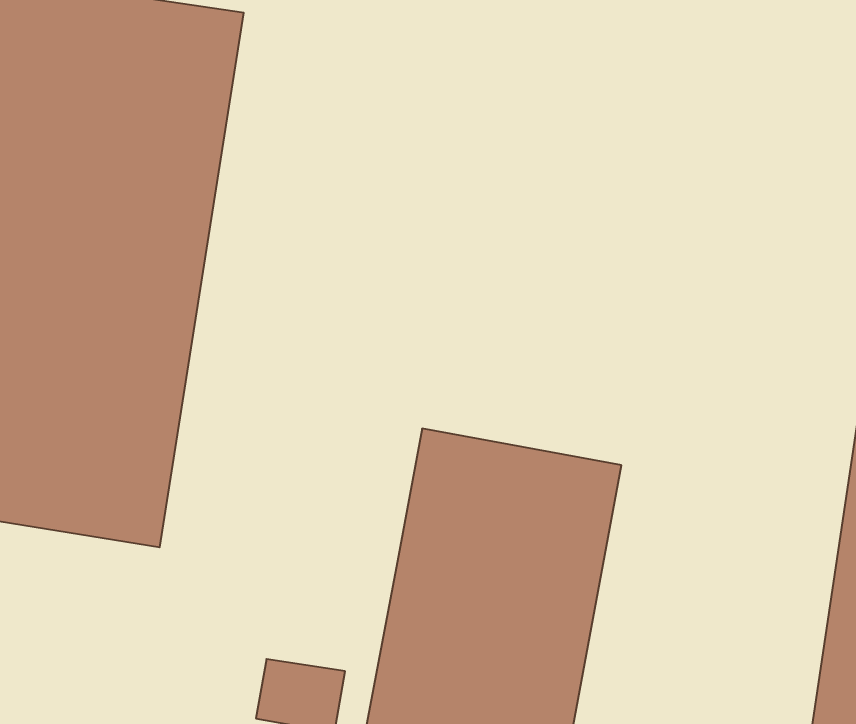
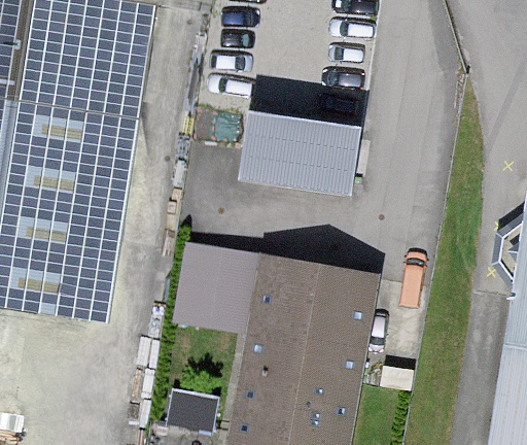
building: none -> [241,113,354,196]
building: none -> [174,242,261,333]

